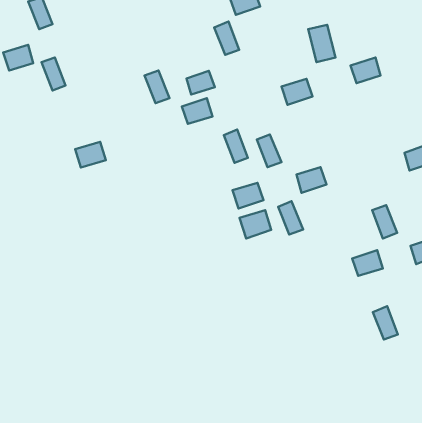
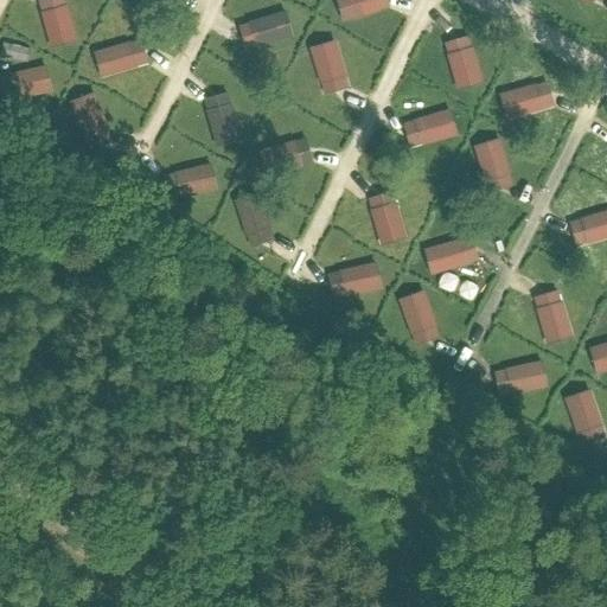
building: none -> [254,8,296,45]
building: none -> [95,44,139,81]
building: [186,71,215,94] -> none
building: none -> [473,129,509,175]
building: [224,130,248,163] -> [238,193,273,241]
building: [75,142,106,168] -> [173,162,217,199]
building: [239,210,271,238] -> none
building: [373,306,398,340] -> [562,378,598,426]

